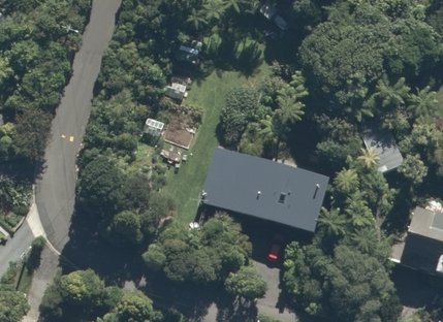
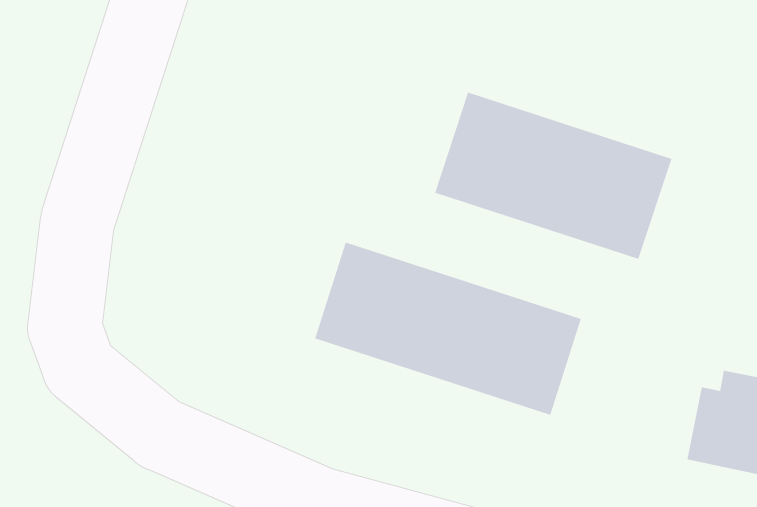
building: none -> [434,92,672,260]

